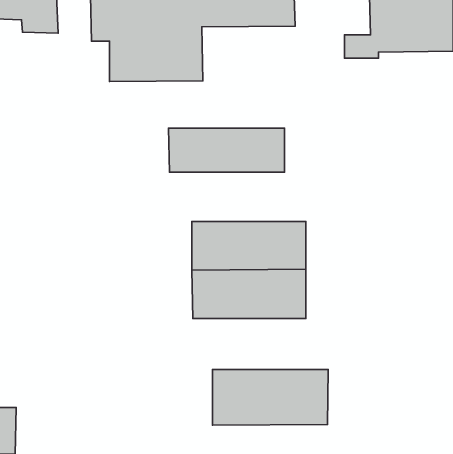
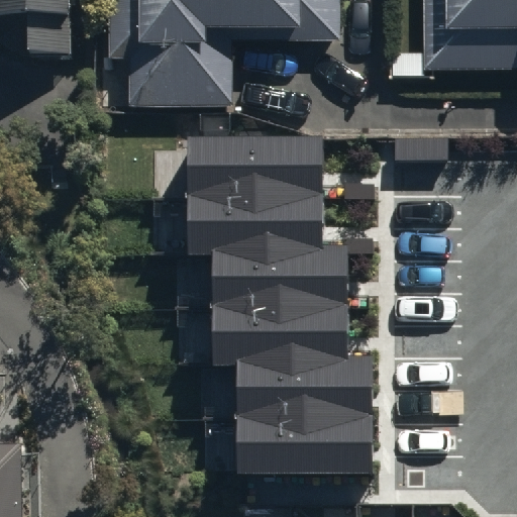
building: none -> [191,194,320,249]
building: none -> [217,358,370,416]

